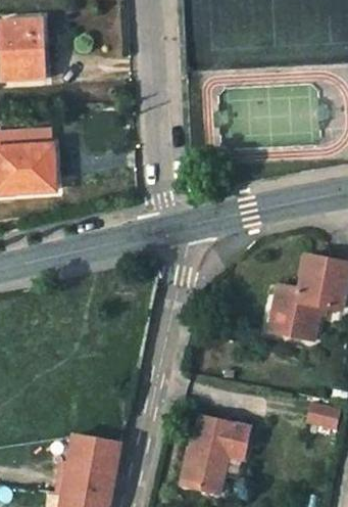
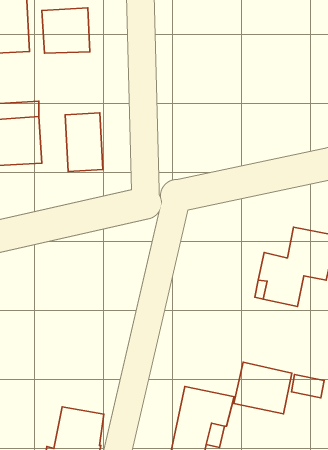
building: none -> [42,8,90,53]
building: none -> [65,113,103,171]
building: none -> [234,362,292,414]

